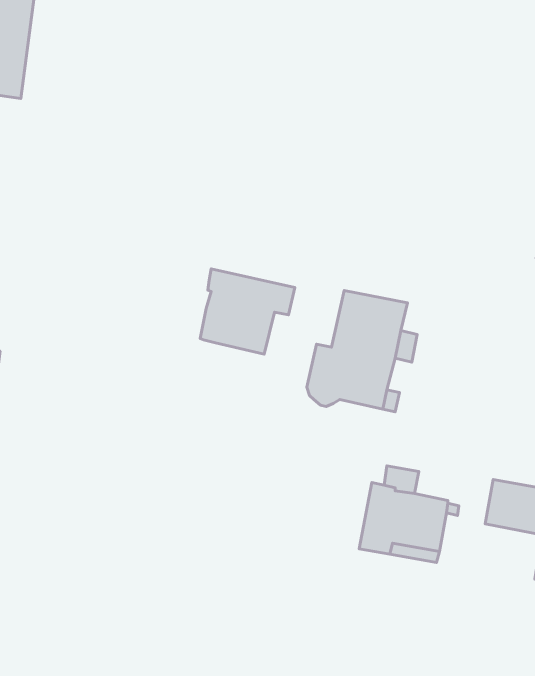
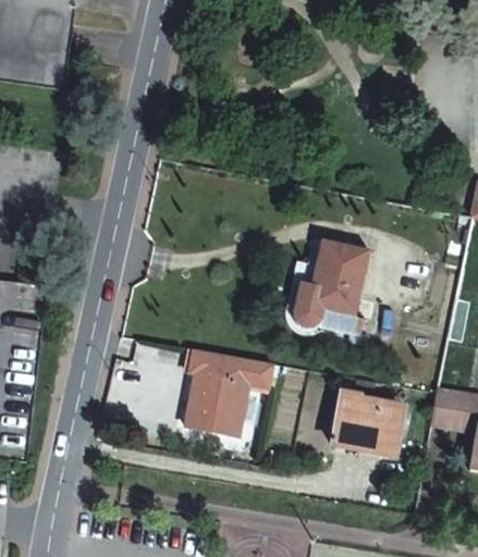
building: [200,269,295,354] -> none
building: none -> [184,348,273,435]

